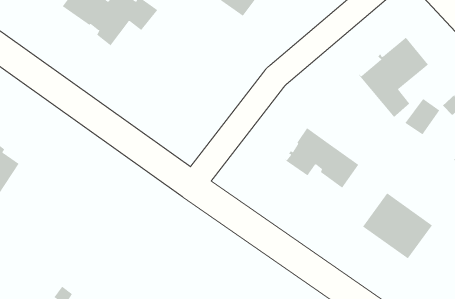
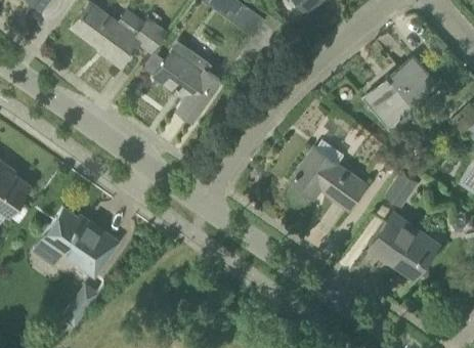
building: none -> [154,51,219,121]
building: [404,98,440,135] -> [384,171,420,208]
building: none -> [32,209,117,276]

